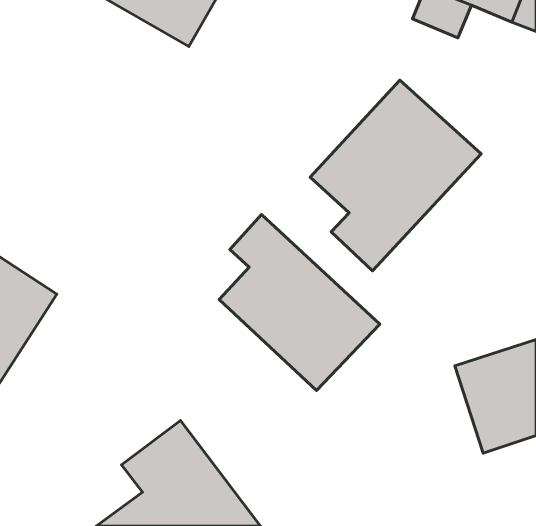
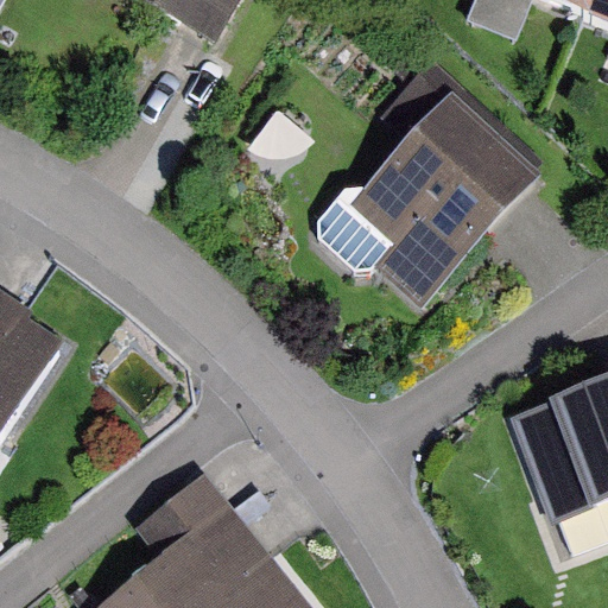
building: [219,214,380,390] -> none

